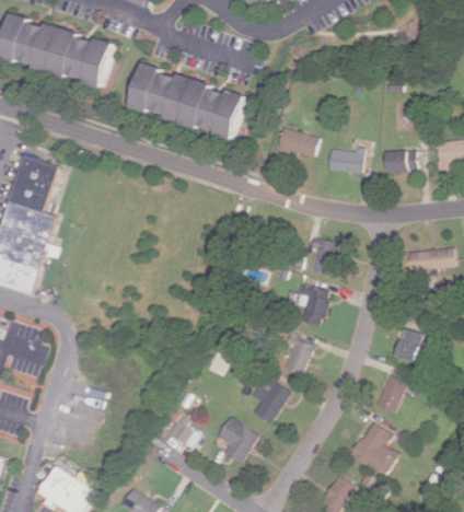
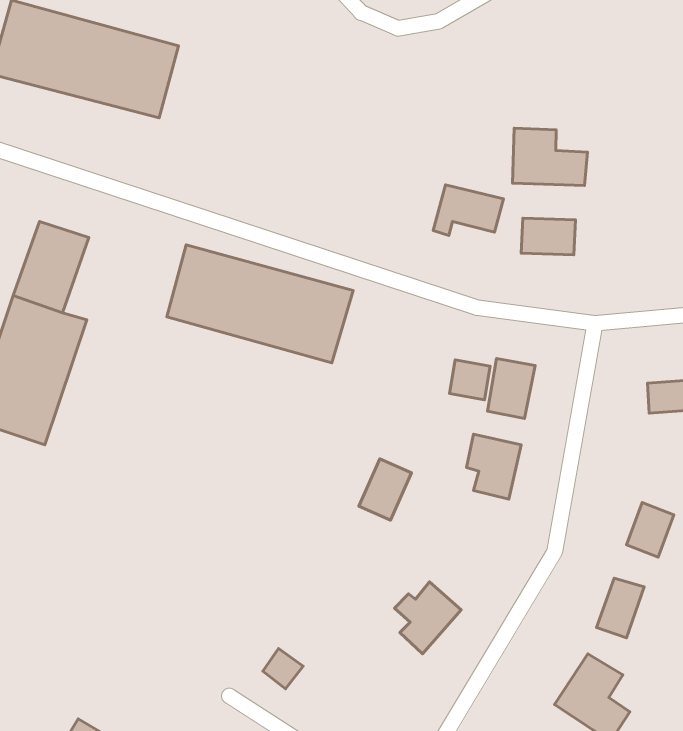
building: [131,66,247,139] -> [167,245,353,363]
building: none -> [512,128,588,185]
building: [384,151,416,174] -> none
building: none -> [450,360,490,400]
building: [281,337,314,375] -> [359,459,412,520]
building: [213,417,255,464] -> none

